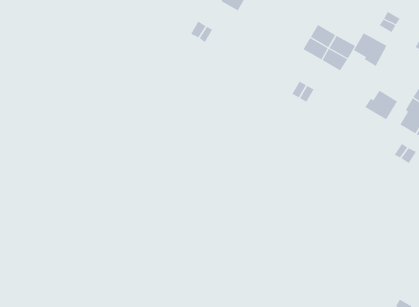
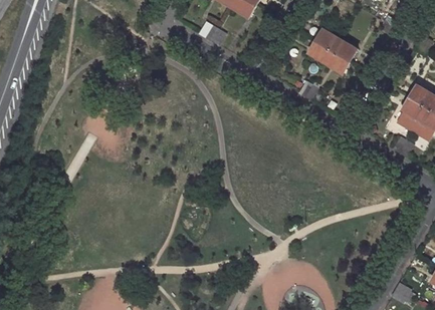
building: [353,32,387,67] -> none
building: [365,90,398,120] -> none

